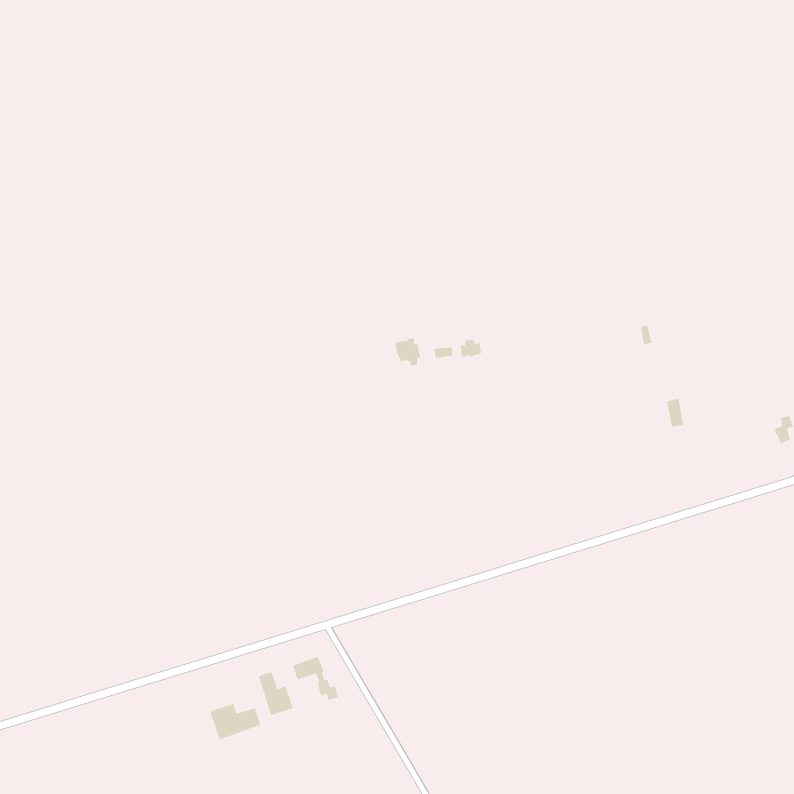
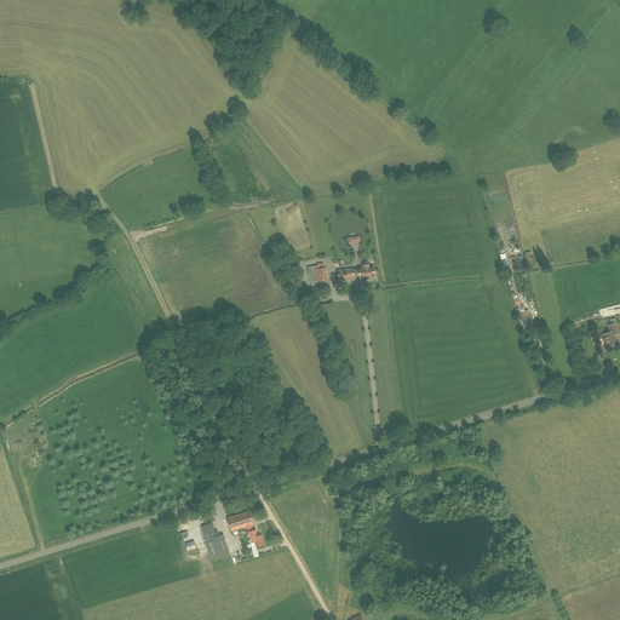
building: [209,703,261,740] -> none

